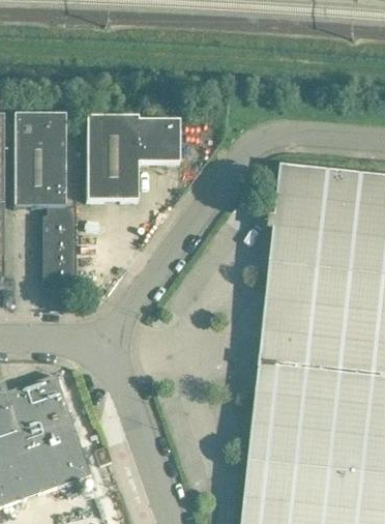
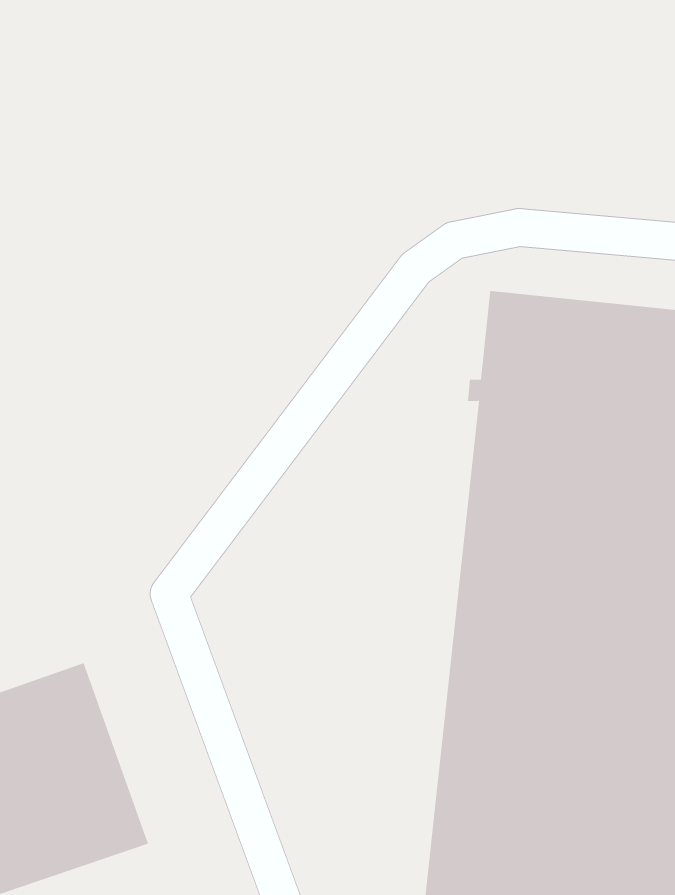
building: [10,115,72,290] -> none
building: [84,117,177,202] -> none

